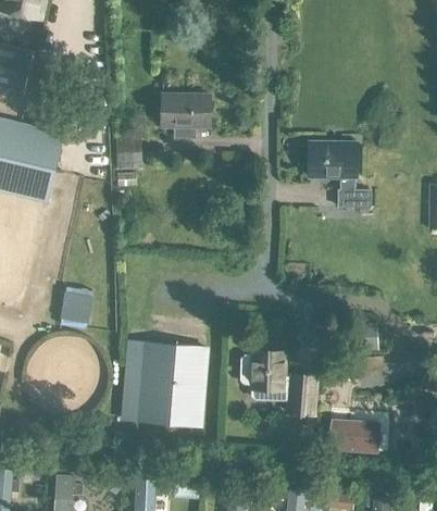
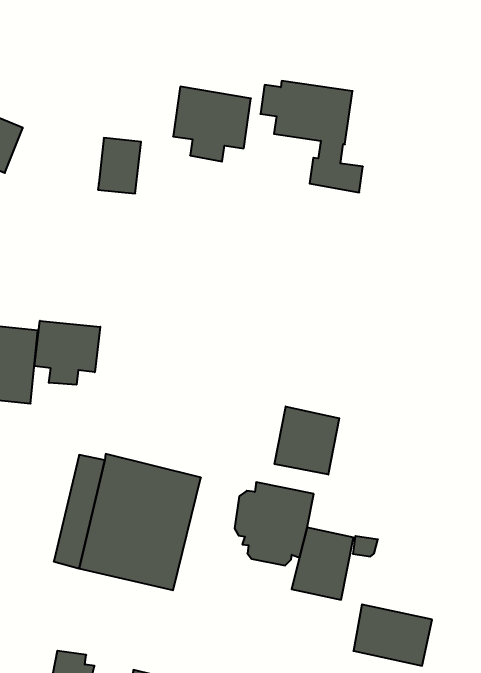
building: [297,141,370,208] -> [260,81,363,192]
building: none -> [34,321,100,385]
building: none -> [275,406,339,475]

